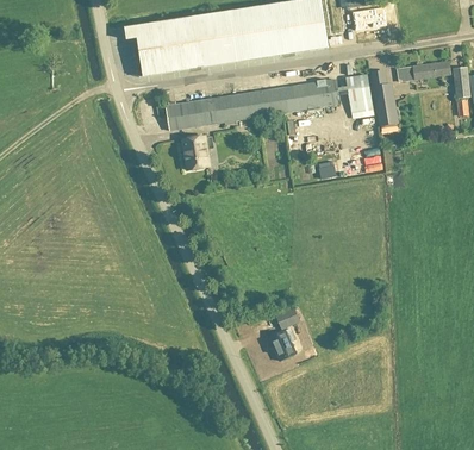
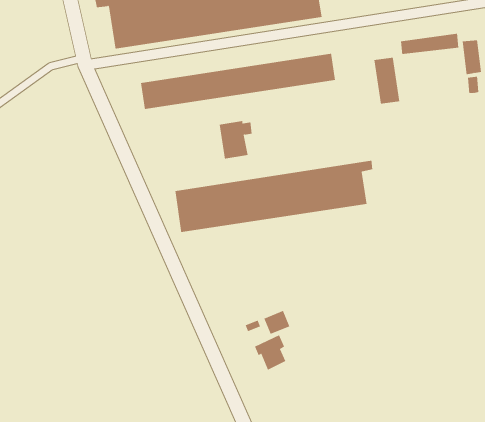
building: [345,74,372,112] -> none
building: [182,136,212,170] -> [219,120,252,159]
building: none -> [175,160,373,233]

